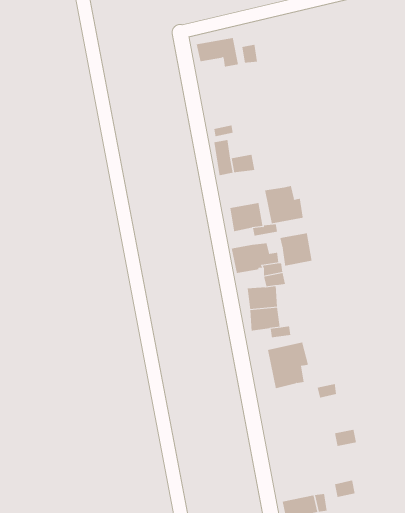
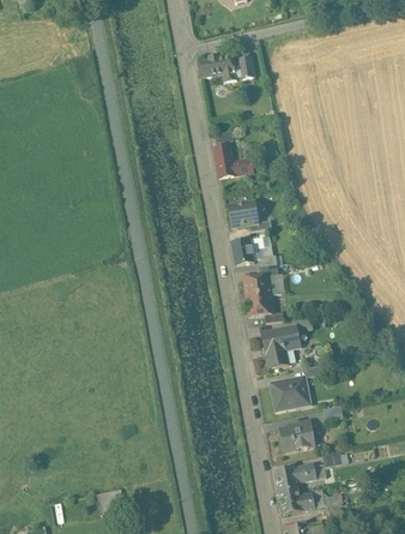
building: [265,185,304,224] -> none
building: [280,233,312,266] -> none
building: none -> [272,374,309,408]
building: none -> [279,419,315,451]

